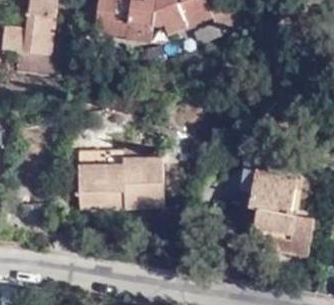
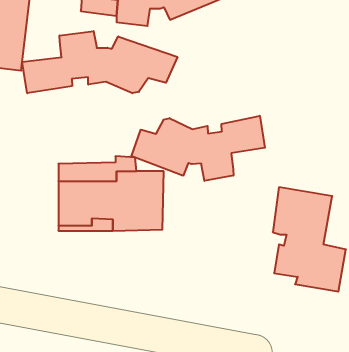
building: none -> [22,31,177,93]
building: none -> [132,116,265,181]

